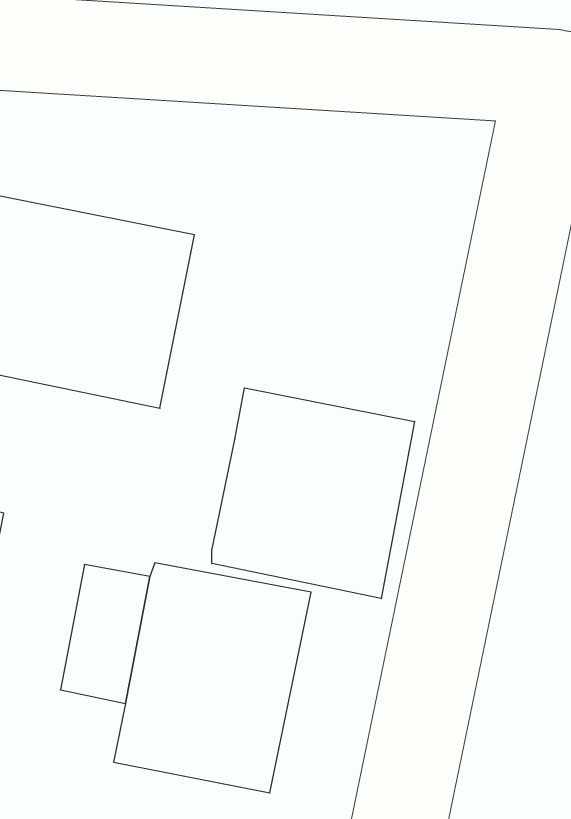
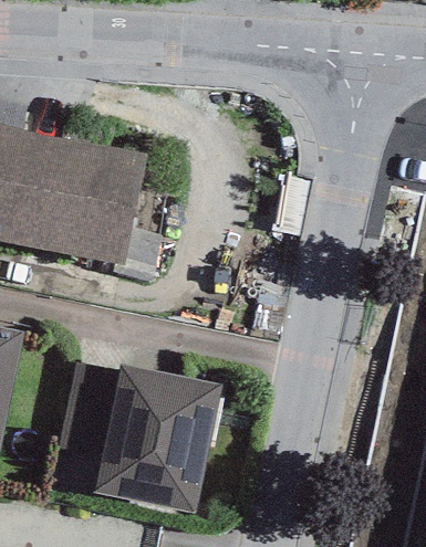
building: [212,388,415,599] -> none

